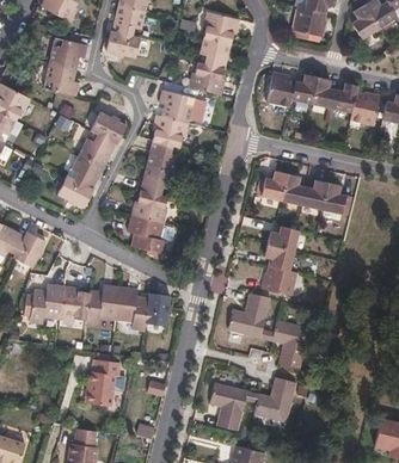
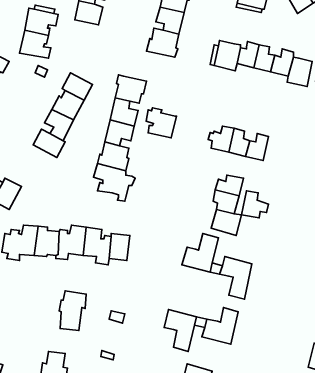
building: [160,85,195,119] -> [146,108,176,138]
building: [323,183,354,214] -> [241,191,268,218]

